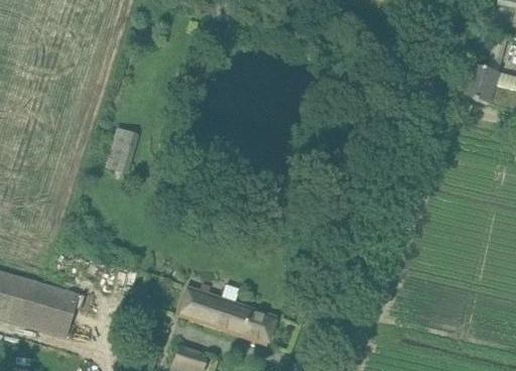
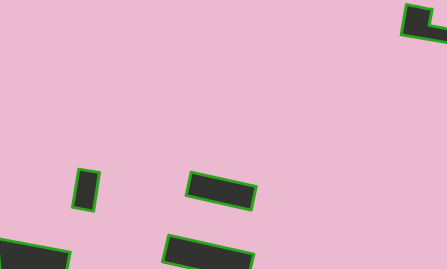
building: [105,128,138,175] -> [73,169,100,211]
building: none -> [186,172,256,210]

